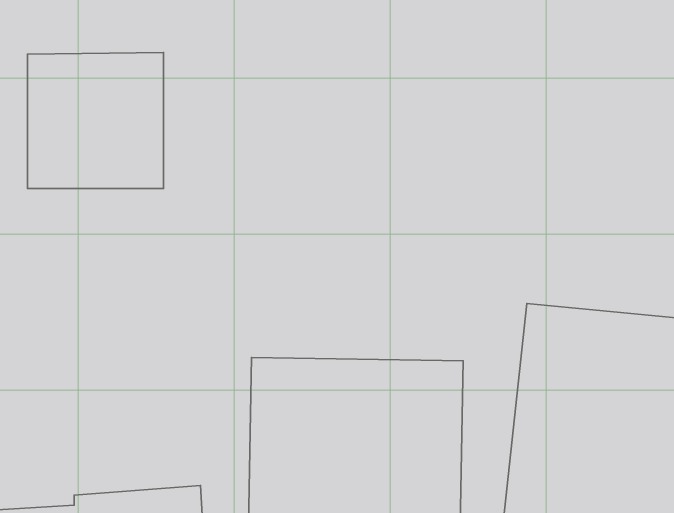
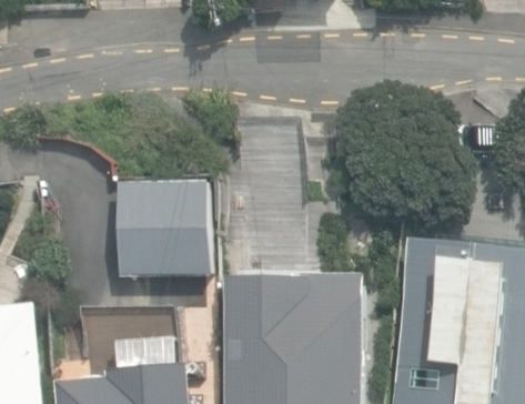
building: [27,53,163,189] -> [111,175,203,267]

